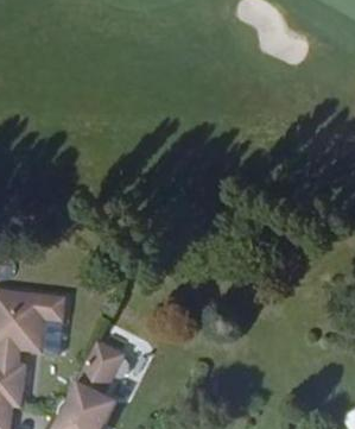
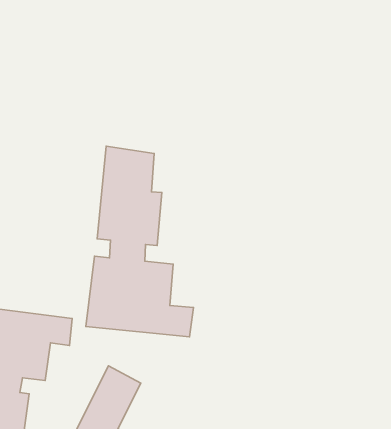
building: none -> [86,146,193,337]

